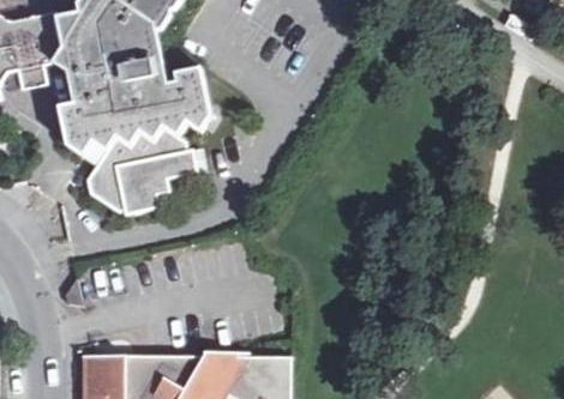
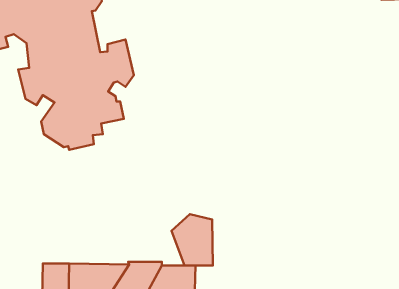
building: none -> [171,214,213,265]

